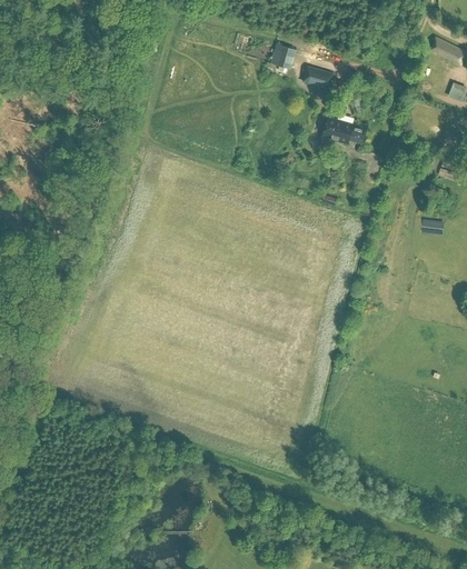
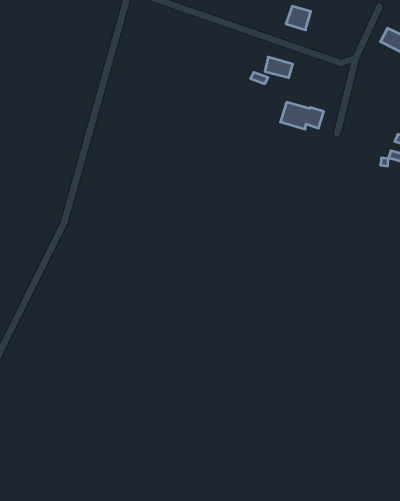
building: [268,41,295,67] -> [286,6,311,30]

